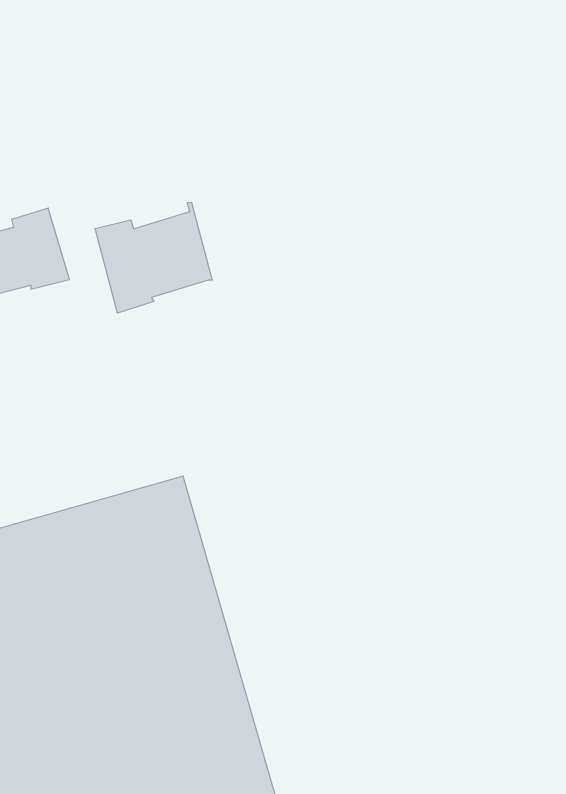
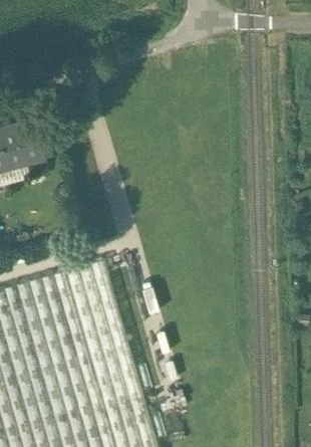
building: [95,202,212,313] -> none

